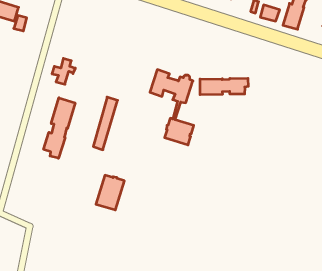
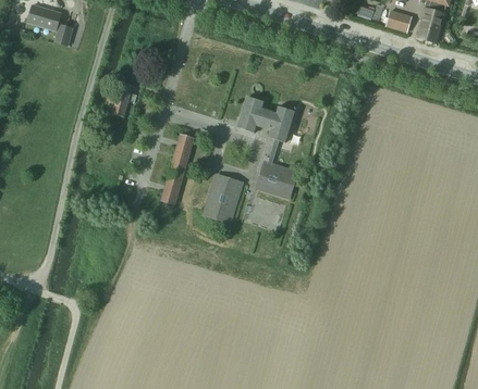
building: [200,78,248,95] -> none
building: [44,98,75,158] -> none
building: [96,175,124,210] -> [204,175,242,222]

